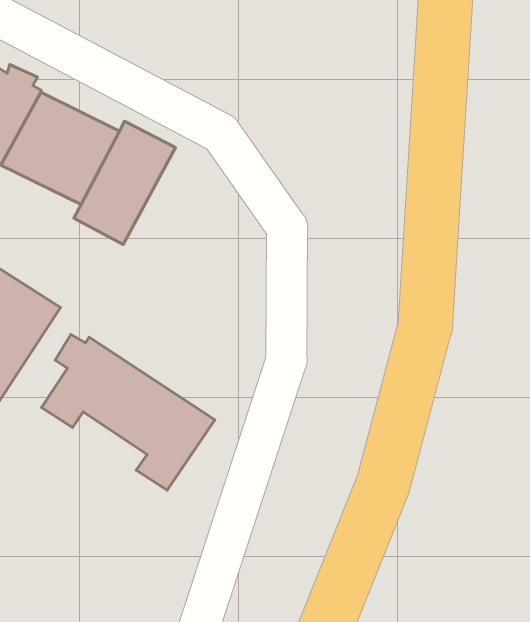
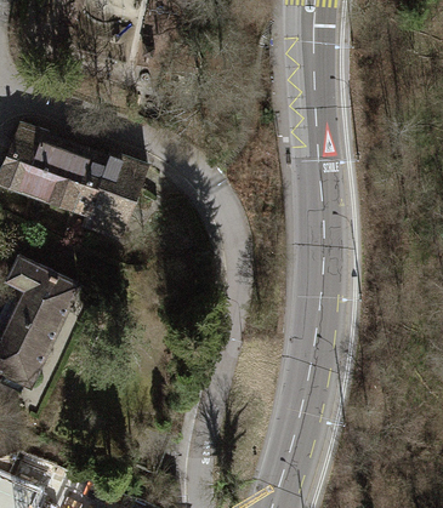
building: [41,334,215,490] -> none

